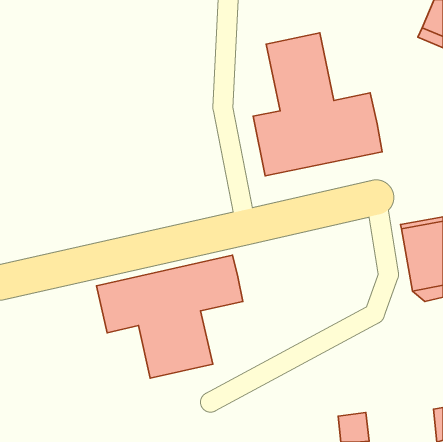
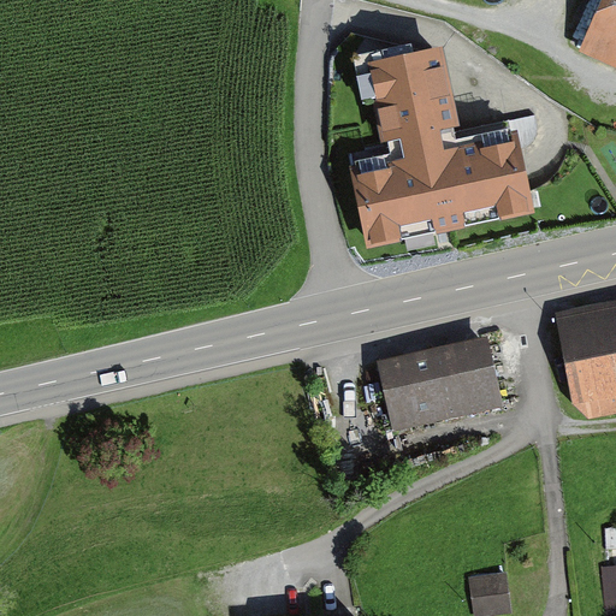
building: none -> [377,336,504,431]
building: [96,255,243,378] -> none

